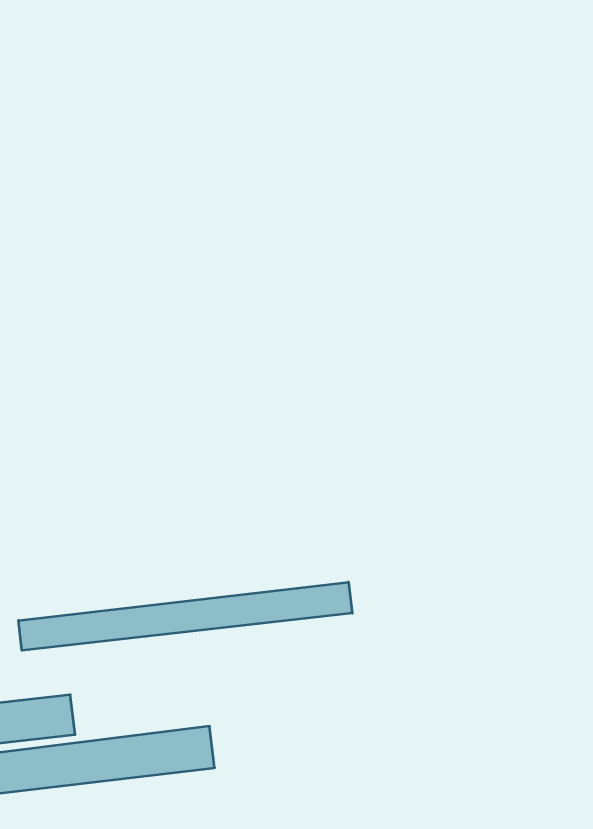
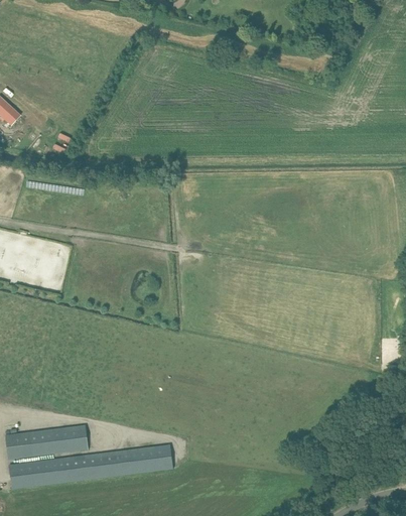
building: [19,582,352,650] -> none

